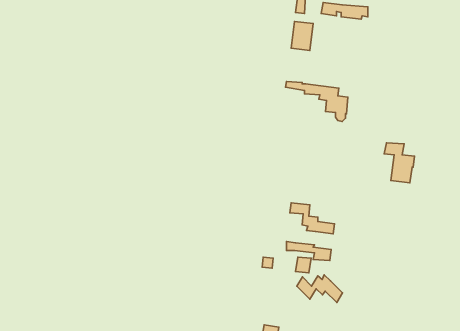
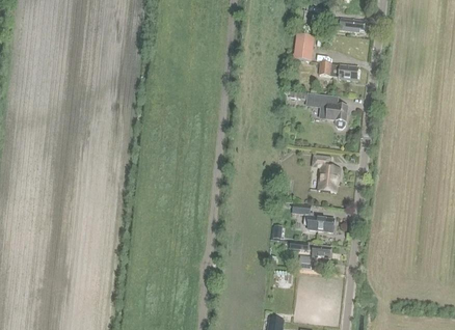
building: none -> [318,62,357,80]
building: [384,143,414,183] -> [313,156,341,193]
building: [297,275,343,302] -> none

